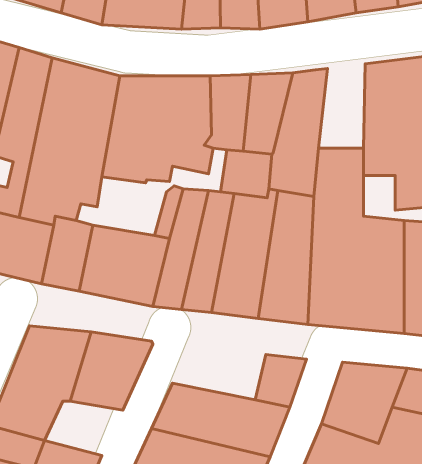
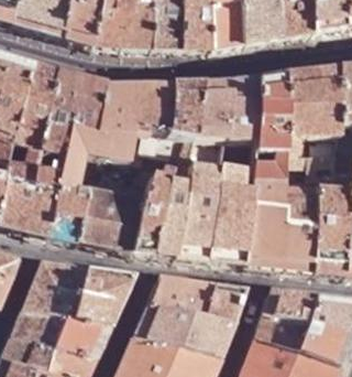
building: none -> [254,74,288,136]
building: none -> [147,278,216,320]
building: none -> [54,321,111,360]

